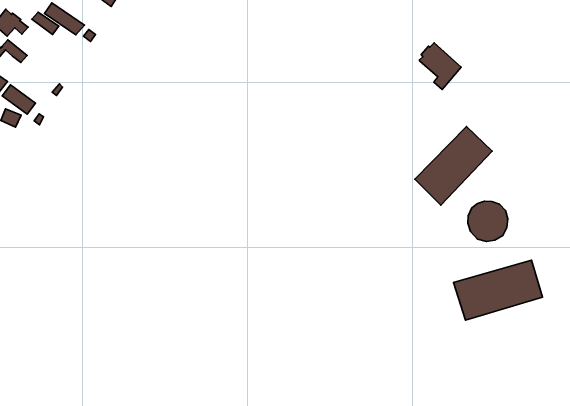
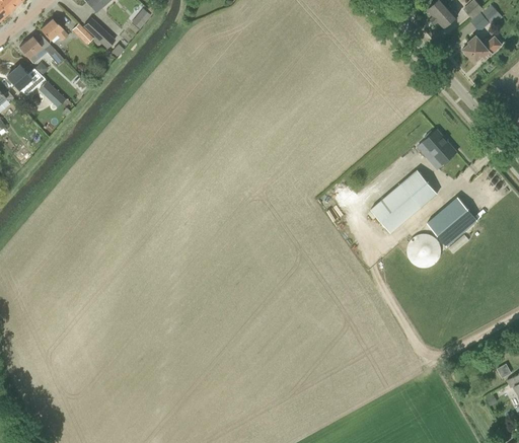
building: [419,43,461,90] -> [423,129,456,168]
building: none -> [427,197,477,245]
building: [454,260,542,320] -> none

